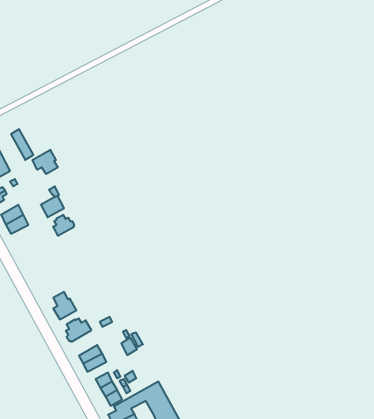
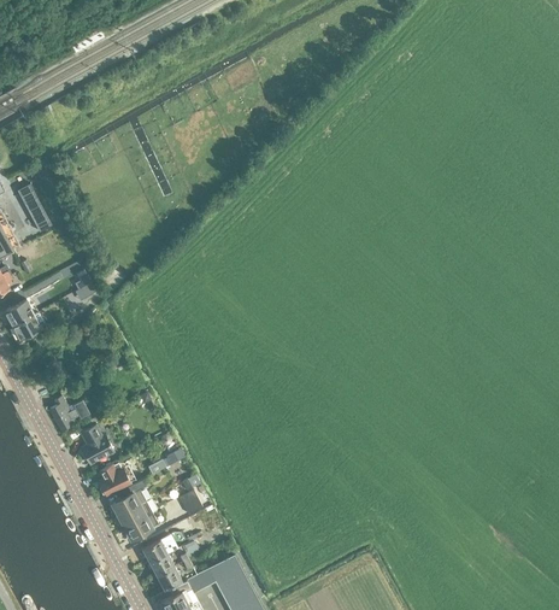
building: [32,150,58,174] -> none
building: [53,215,74,236] -> none
building: none -> [49,397,88,430]
building: none -> [111,481,145,517]

